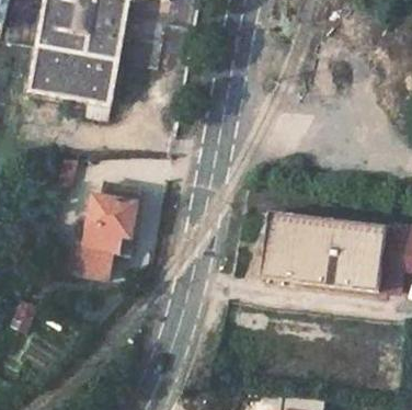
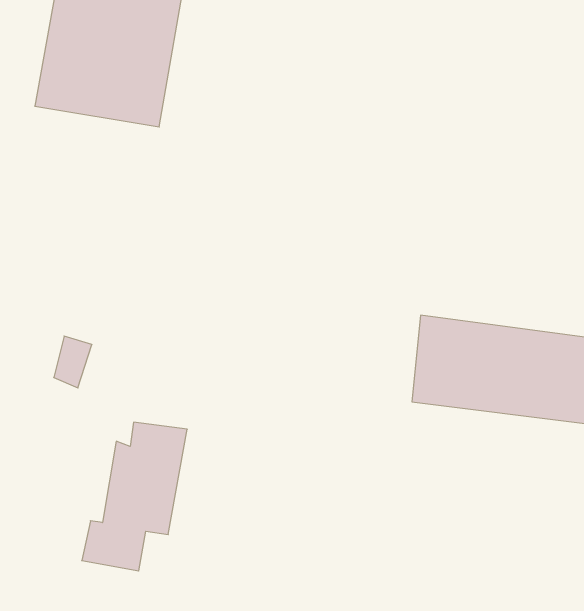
building: [73,181,140,275] -> [82,422,187,571]

